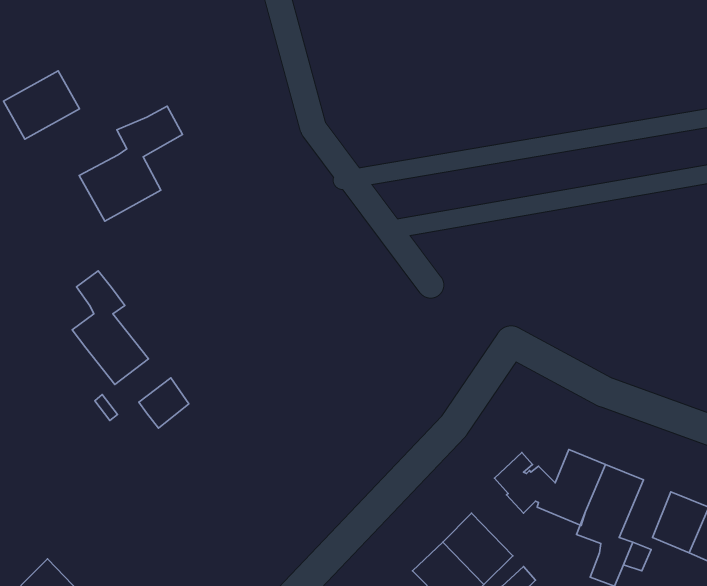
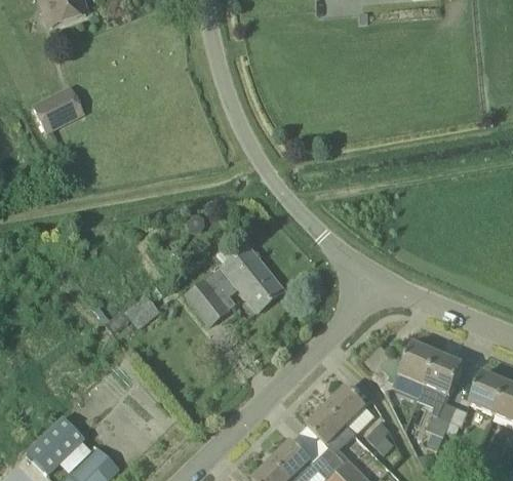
building: [79,106,182,221] -> none
building: [72,271,148,384] -> none
building: none -> [185,246,282,326]

